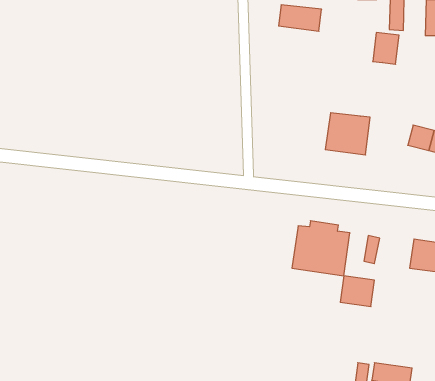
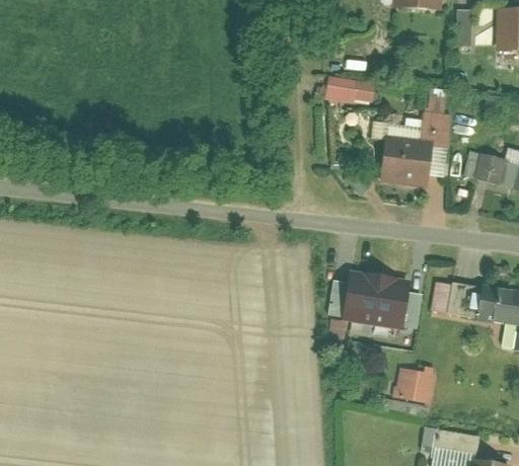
building: [279,5,322,31] -> [327,76,377,106]
building: [373,33,399,64] -> [422,110,452,147]
building: [340,276,374,307] -> [397,368,437,403]

